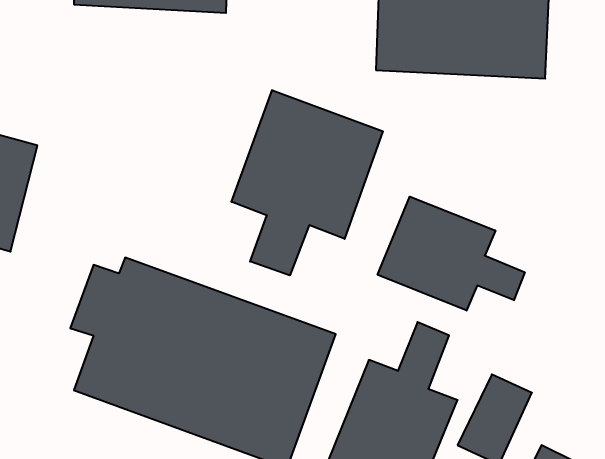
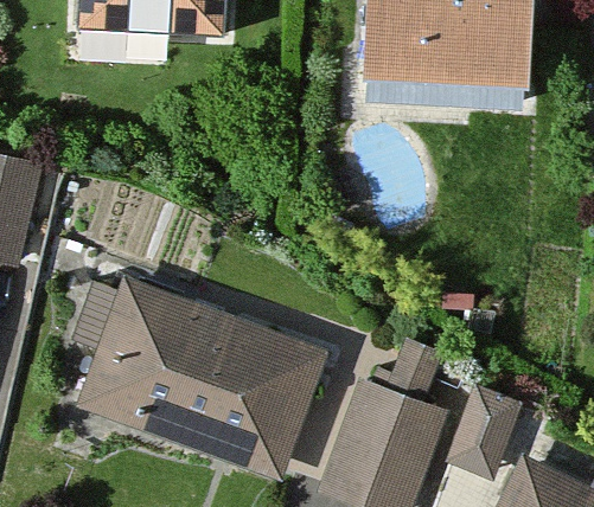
building: [231,90,383,275] -> none
building: [378,197,525,311] -> none

